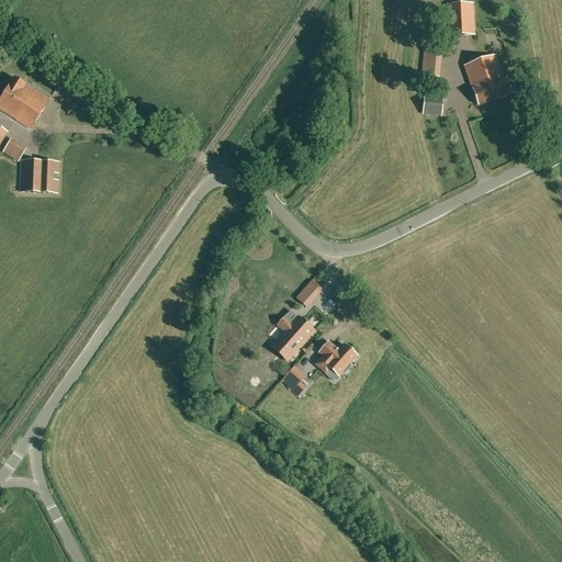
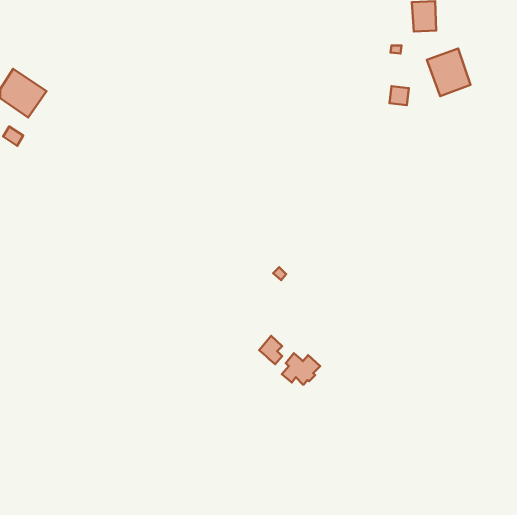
building: [20,159,58,191] -> none
building: [277,315,314,353] -> none
building: [315,340,357,374] -> [282,353,320,384]

